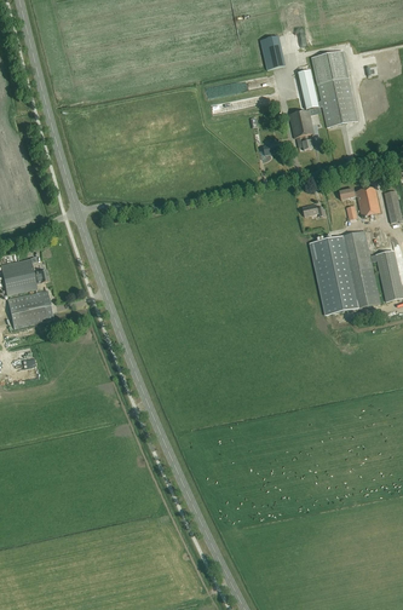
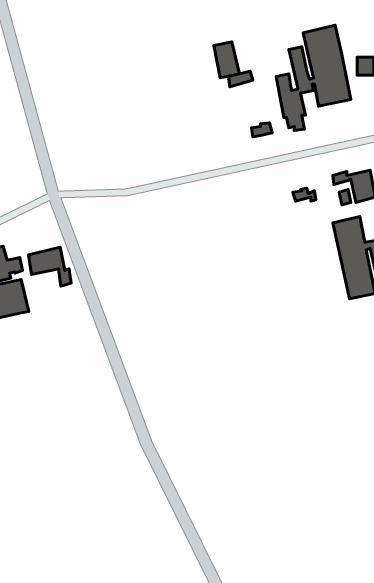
building: [261,35,286,69] -> [214,42,240,78]
building: [307,236,356,315] -> none
building: none -> [29,247,71,286]

